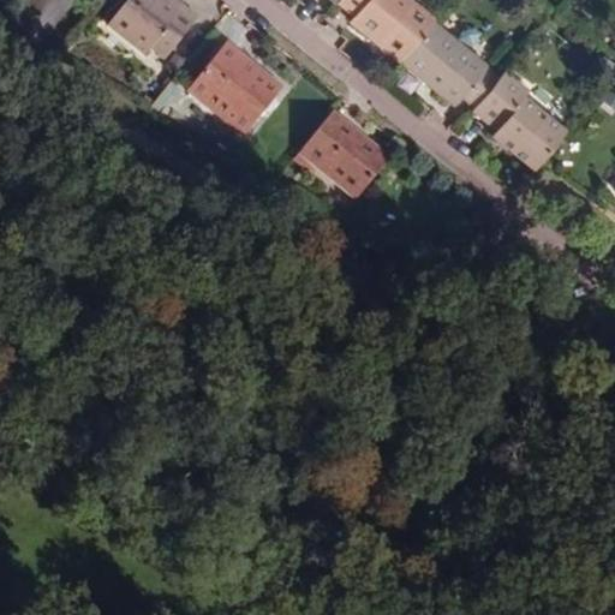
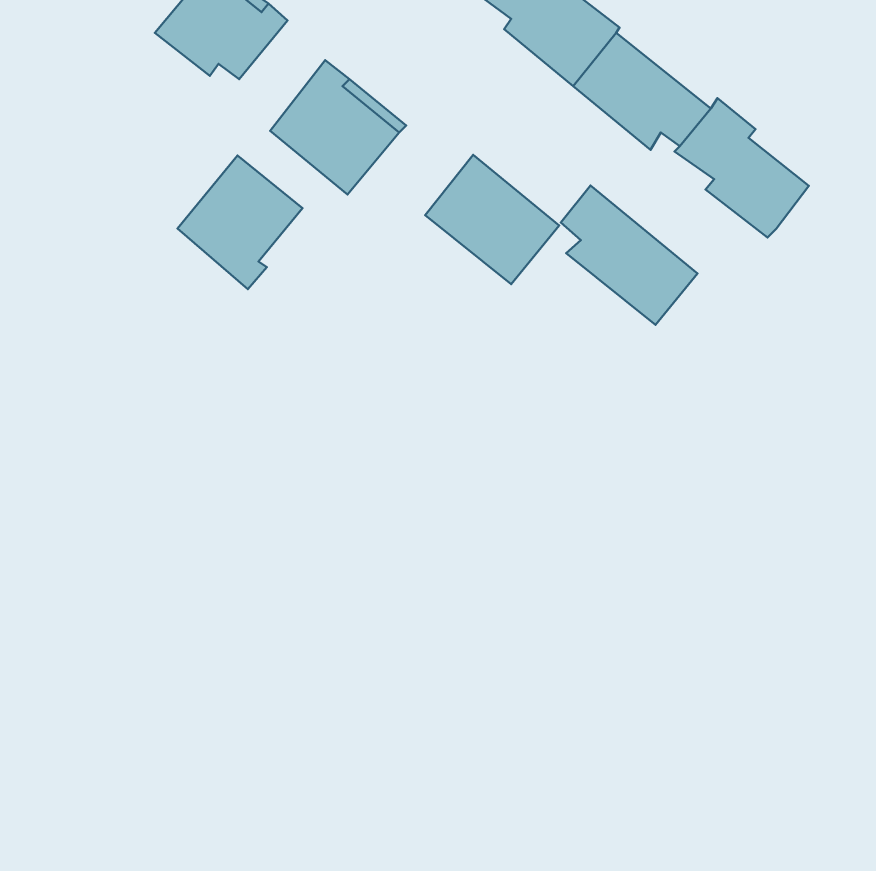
building: none -> [177,156,302,289]
building: none -> [561,186,697,325]

